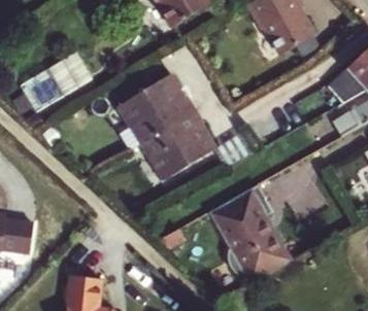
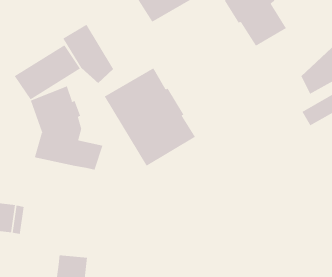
building: none -> [63,24,114,84]
building: none -> [30,85,103,170]
building: [210,183,292,283] -> none

